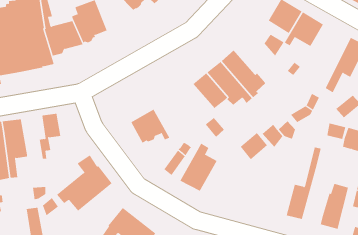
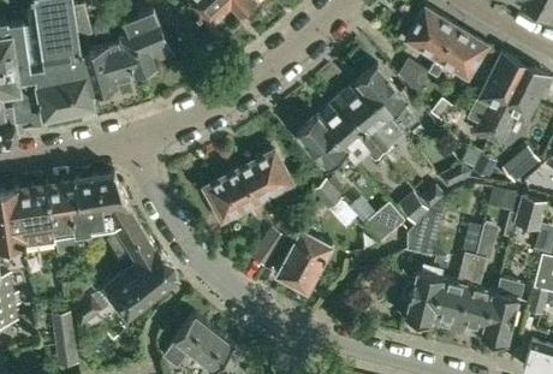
building: none -> [474,53,524,139]
building: none -> [355,65,412,129]
building: none -> [238,152,290,212]
building: none -> [85,172,145,260]
building: none -> [46,179,79,254]
building: none -> [404,209,440,256]
building: none -> [454,256,493,338]
building: none -> [399,265,442,325]

